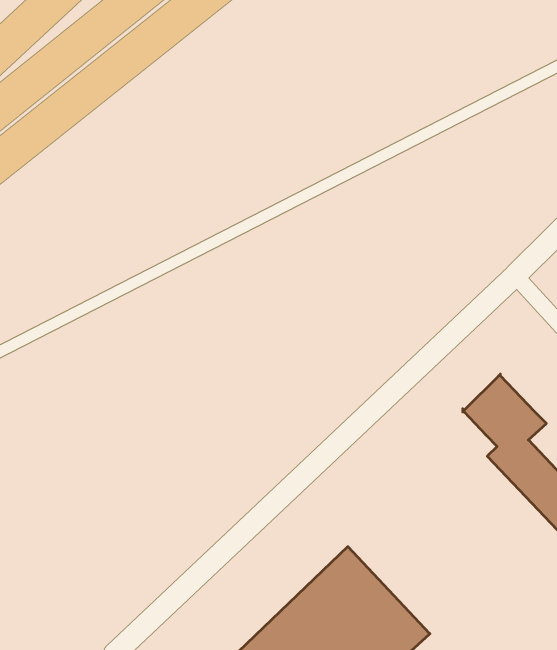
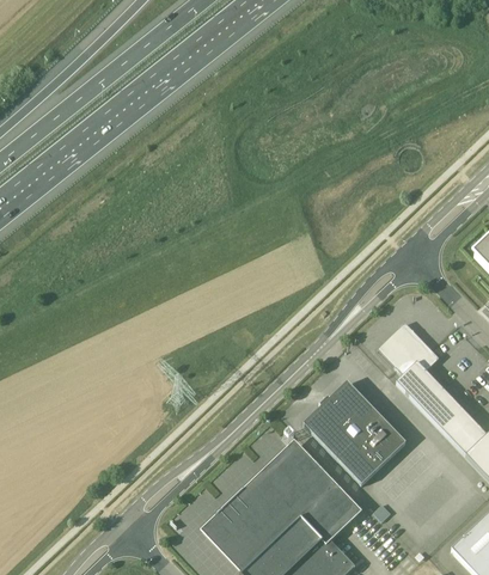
building: none -> [306,381,407,483]

